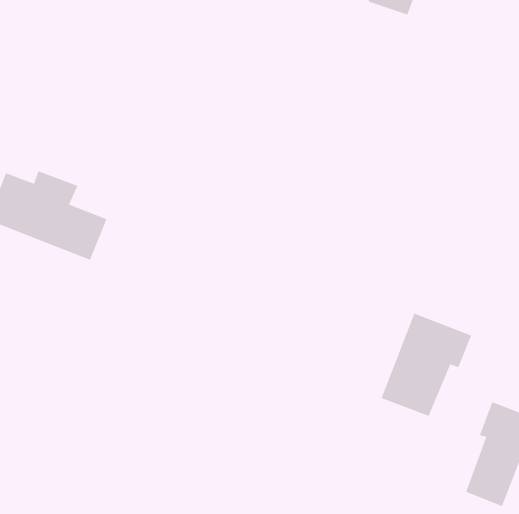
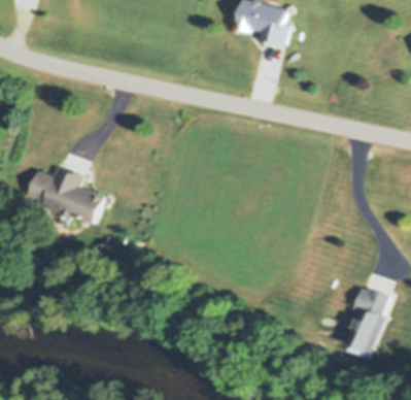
building: [381,313,472,417] -> none

